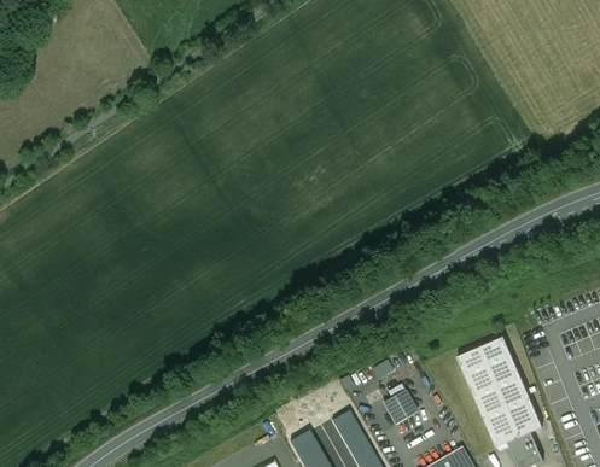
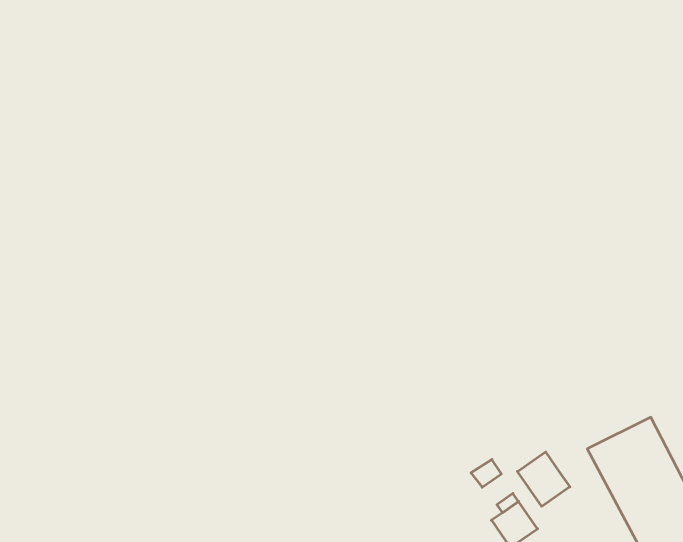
building: none -> [517,452,570,506]

